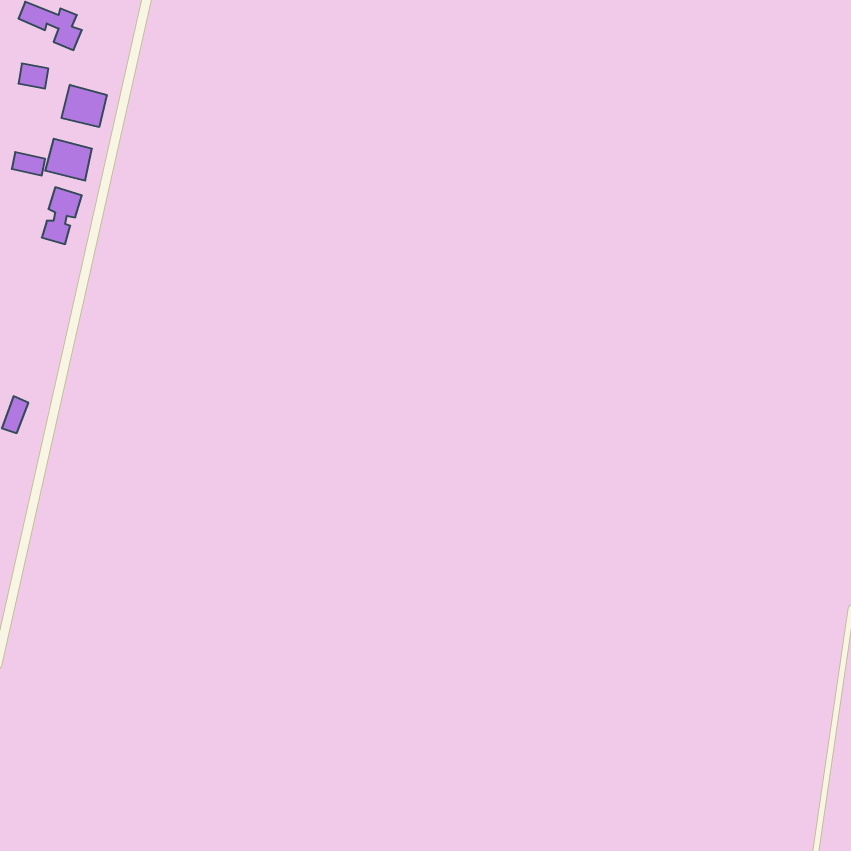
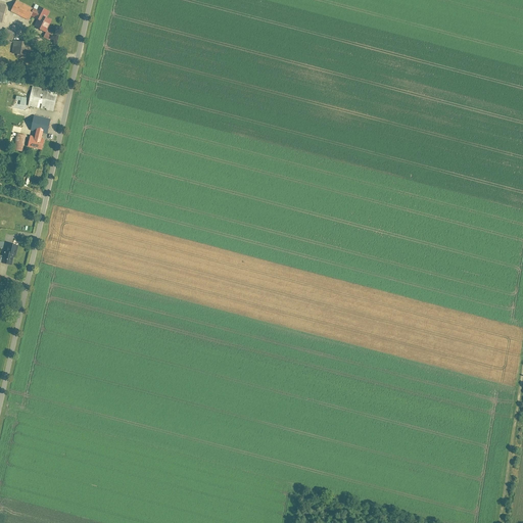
building: [62,85,107,127] -> none

